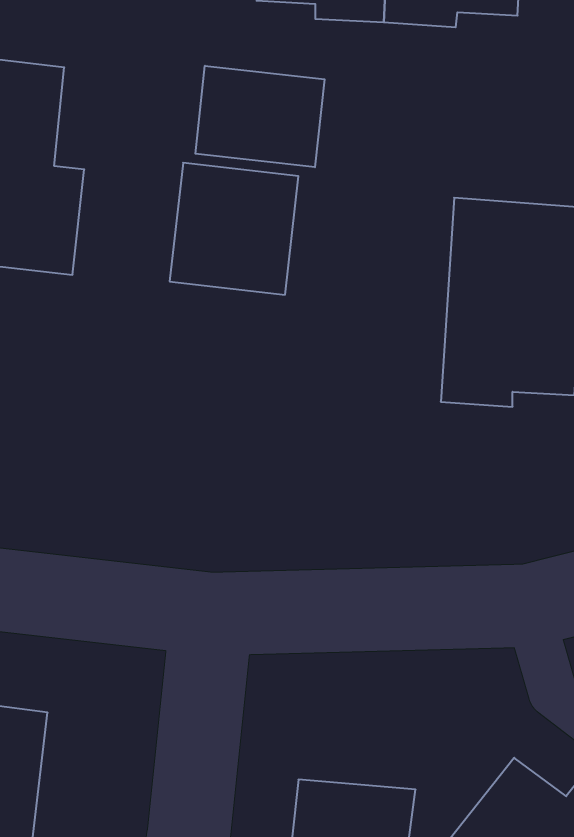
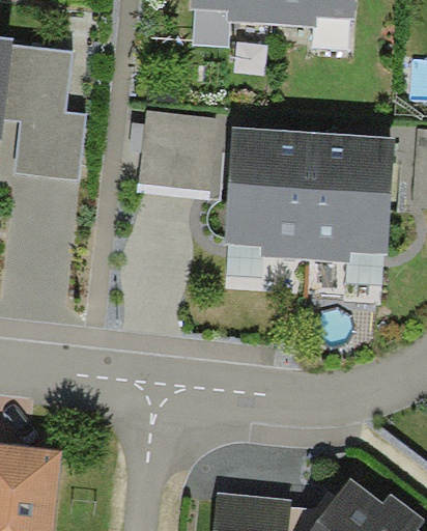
building: [195,66,325,167] -> none
building: none -> [225,127,313,258]

